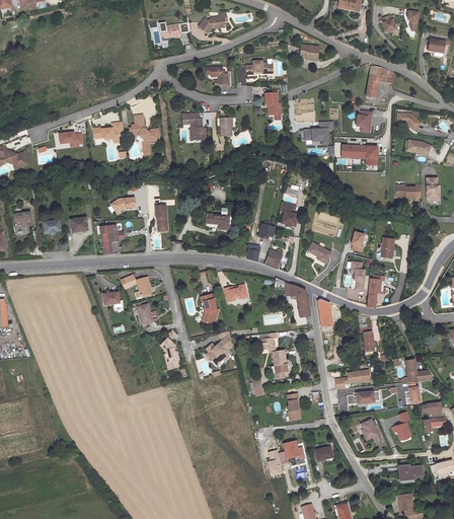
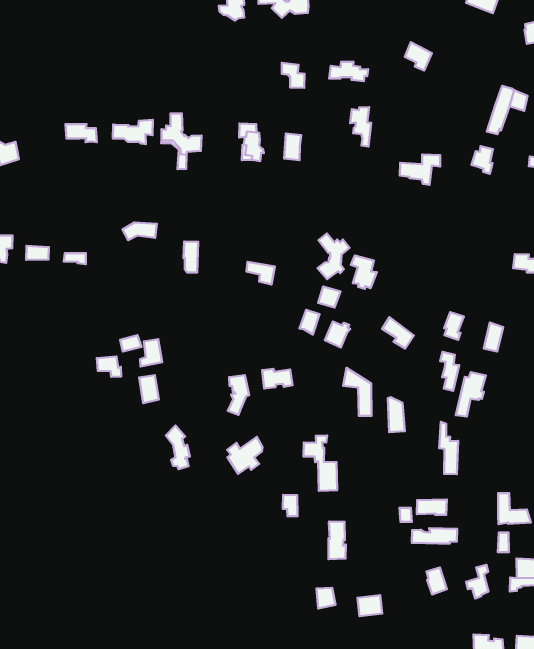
building: [342,145,378,164] -> none
building: none -> [317,233,350,279]
building: [100,224,125,254] -> none

